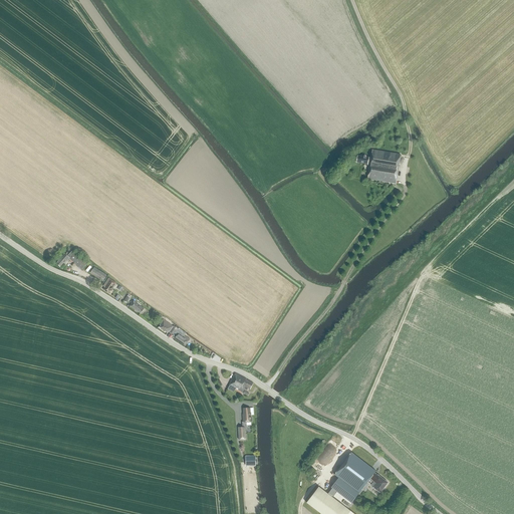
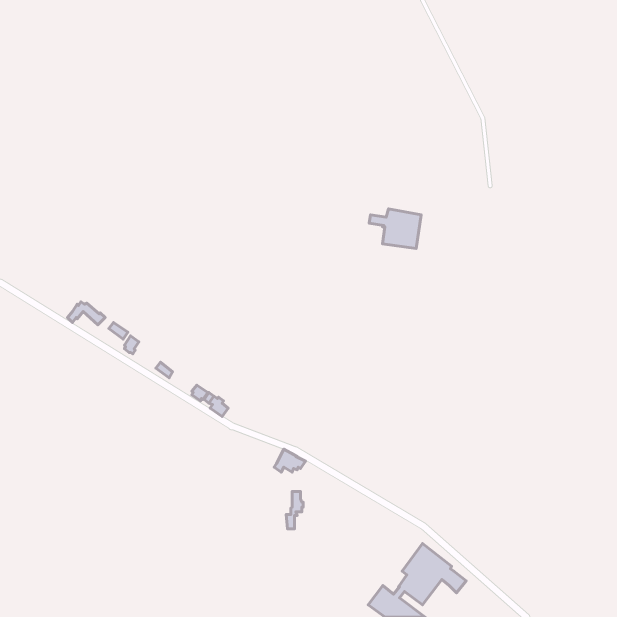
building: [356,151,400,184] -> [369,209,421,249]

